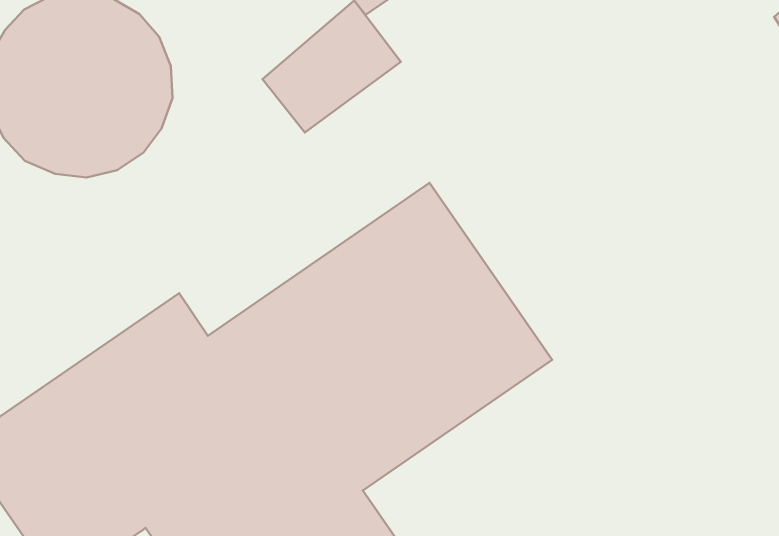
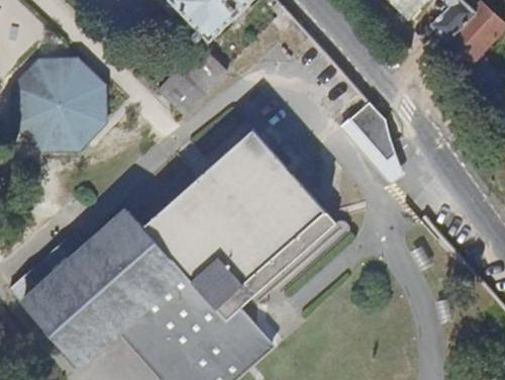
building: none -> [346,99,395,162]

